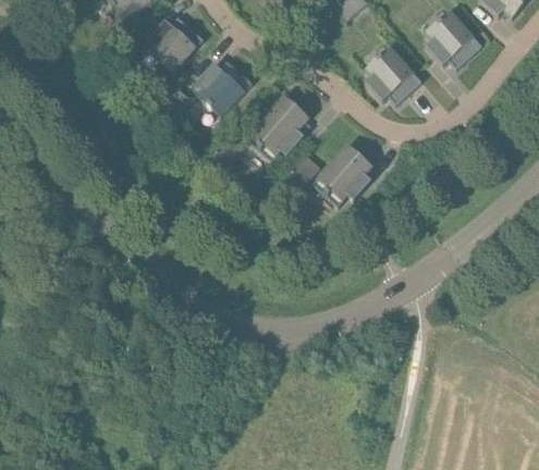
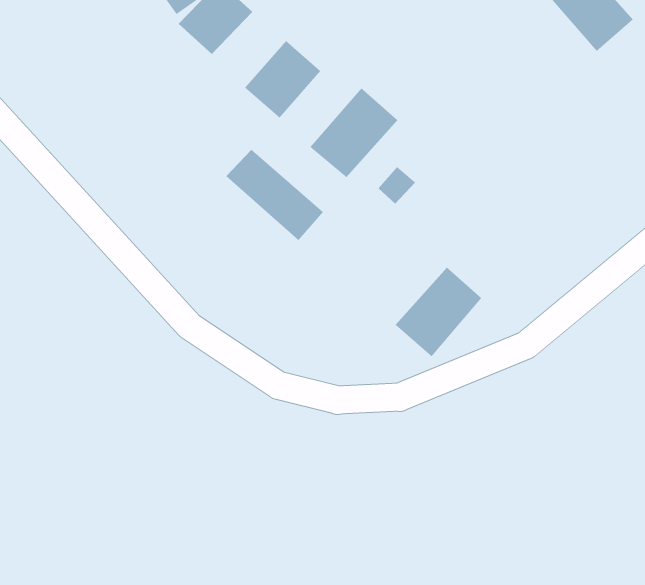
building: [359,41,422,106] -> none
building: none -> [226,149,324,241]
building: [308,145,372,211] -> [395,267,482,357]

